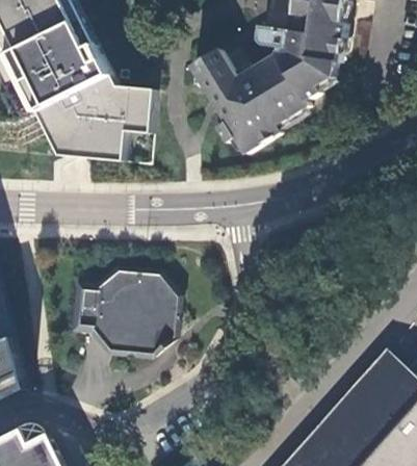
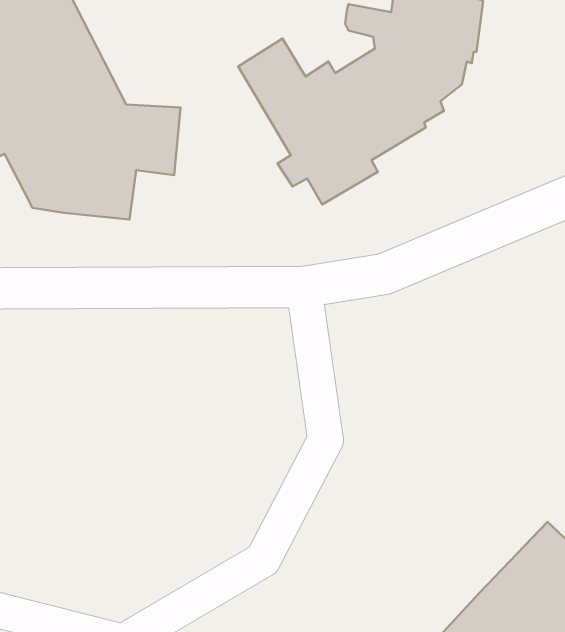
building: [70,268,177,357] -> none

